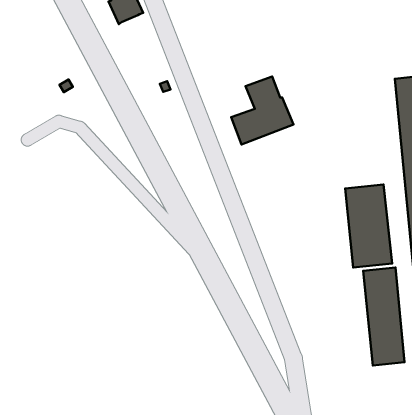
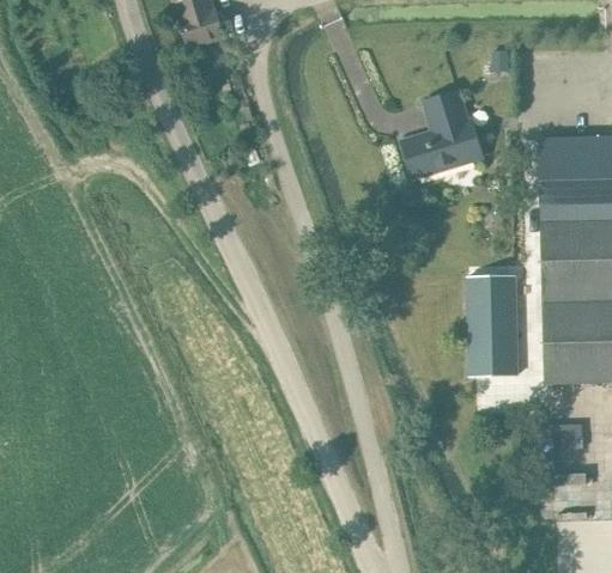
building: [231,77,294,145] -> [402,92,481,176]
building: [363,268,404,365] -> none

